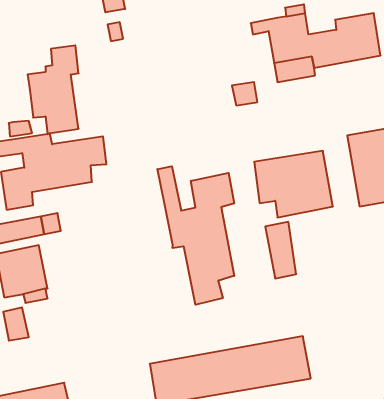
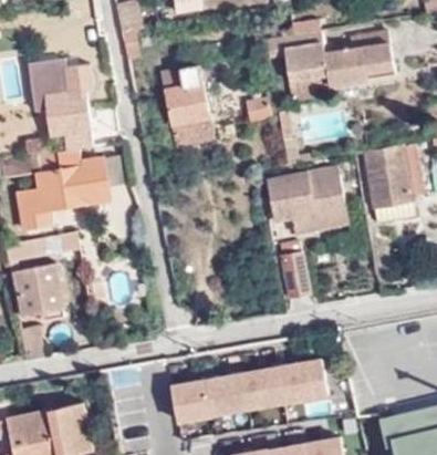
building: none -> [29,59,69,110]
building: none -> [159,65,211,147]
building: [157,166,234,305] -> none

